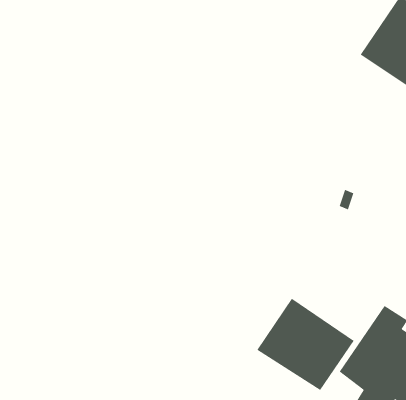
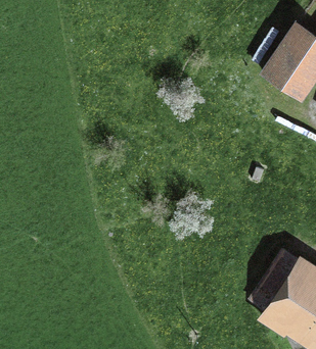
building: [257,298,355,391] -> none

